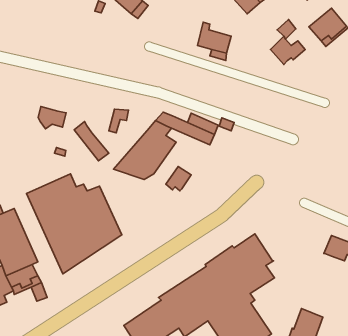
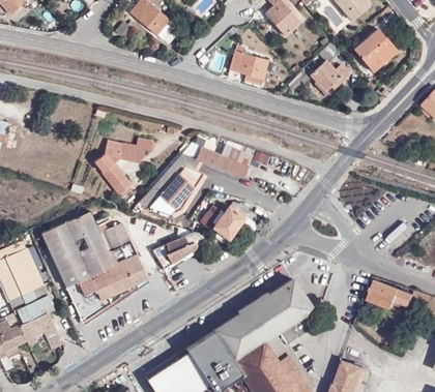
building: [38,106,66,129] -> [104,141,135,165]
building: none -> [211,206,243,240]
building: none -> [149,234,197,269]

